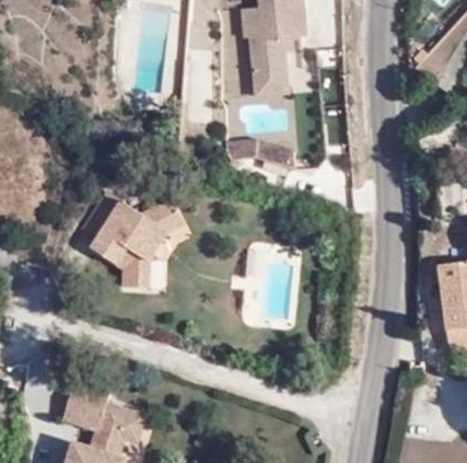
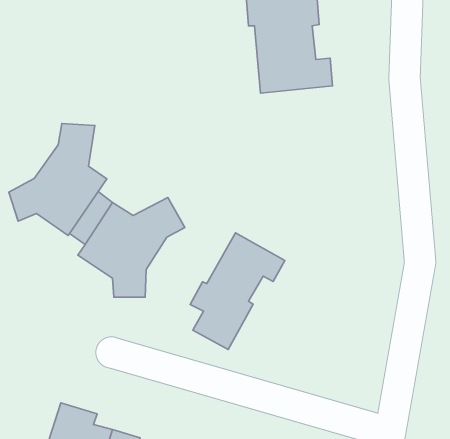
building: none -> [9,124,107,235]
building: none -> [190,233,285,350]

